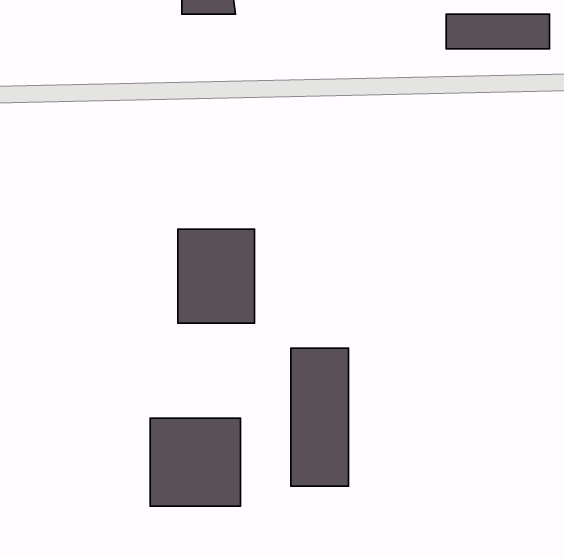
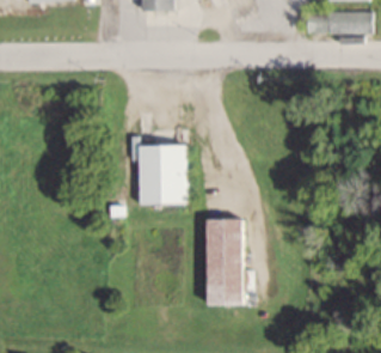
building: [150,418,241,506] -> none

